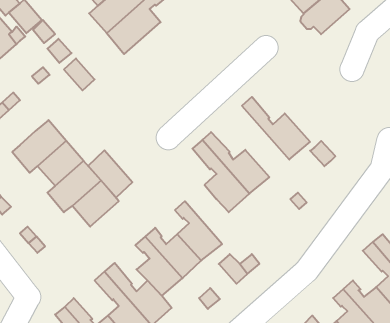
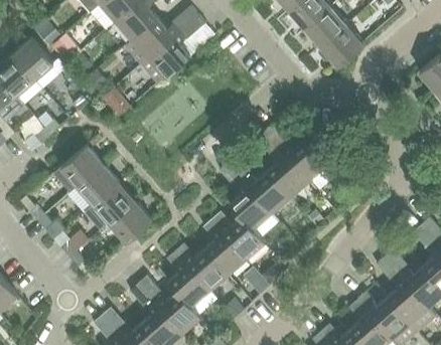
building: none -> [256,132,308,197]
building: [88,150,132,197] -> none
building: none -> [212,212,265,258]

